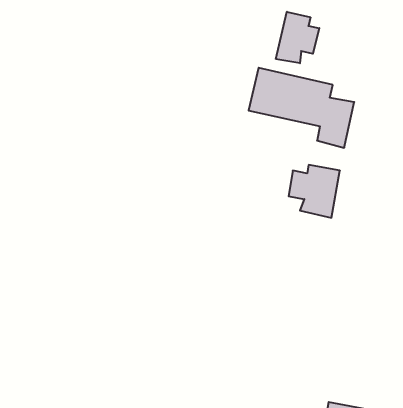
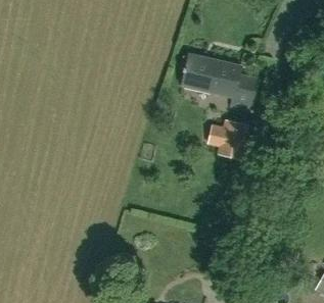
building: [276,12,319,63] -> none

